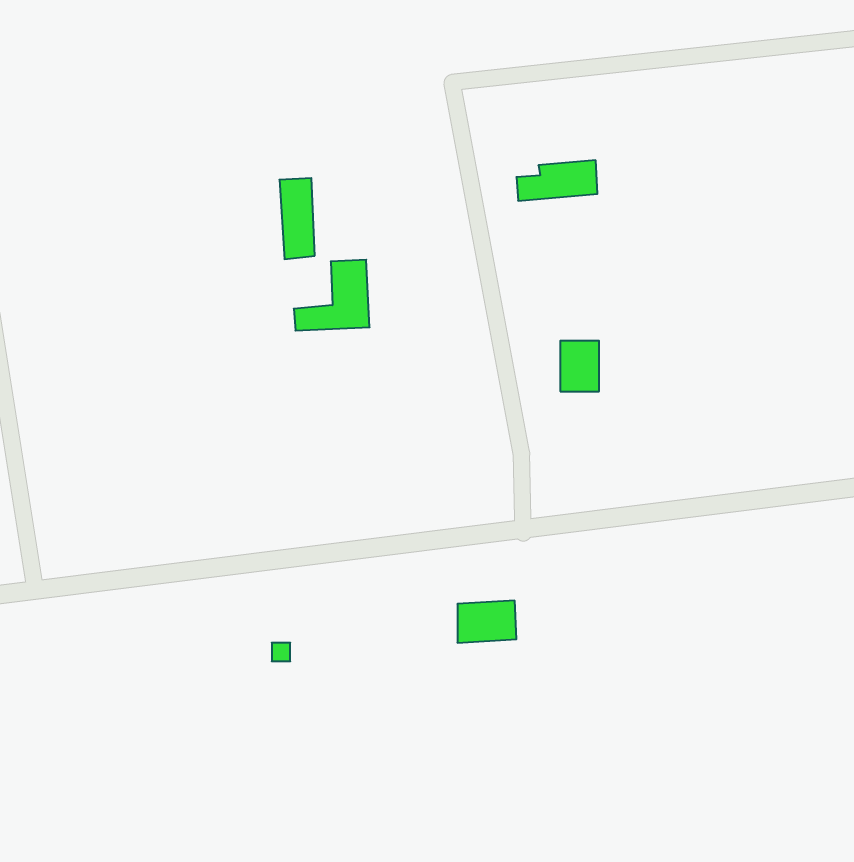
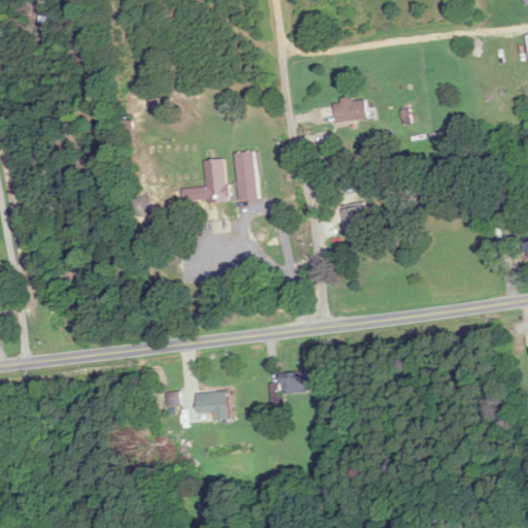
building: [279,178,315,259] -> [234,151,256,200]
building: none -> [195,391,228,420]

